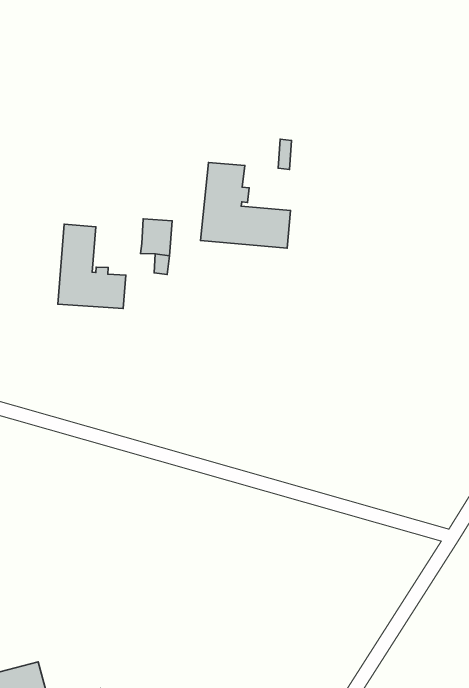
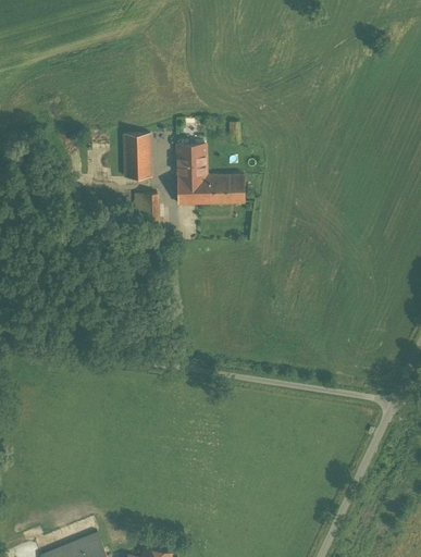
building: none -> [123,133,150,177]
building: [58,224,126,308] -> none

